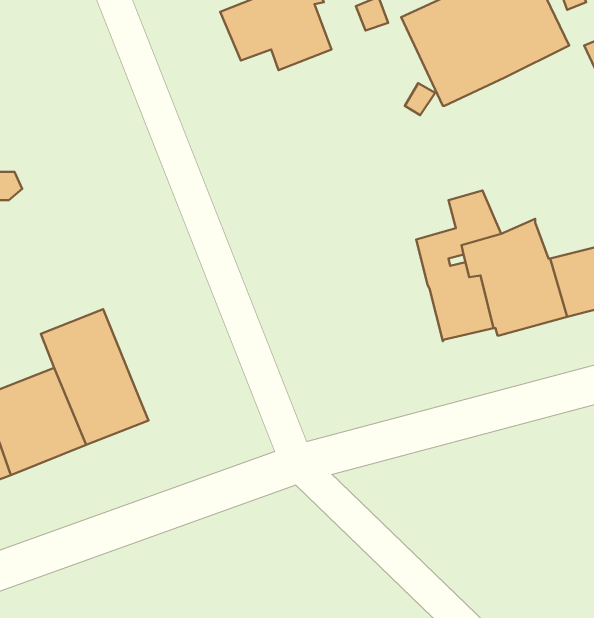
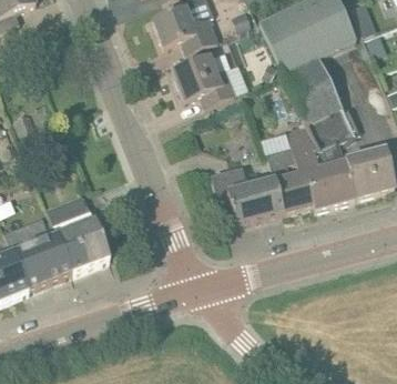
building: none -> [173,51,234,107]
building: none -> [284,57,362,149]
building: none -> [210,165,283,224]

